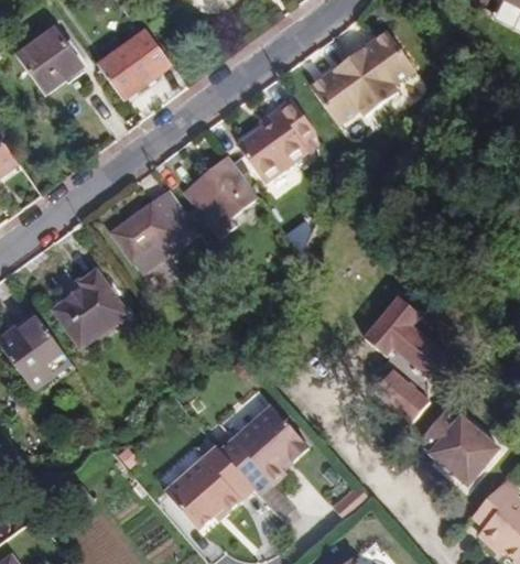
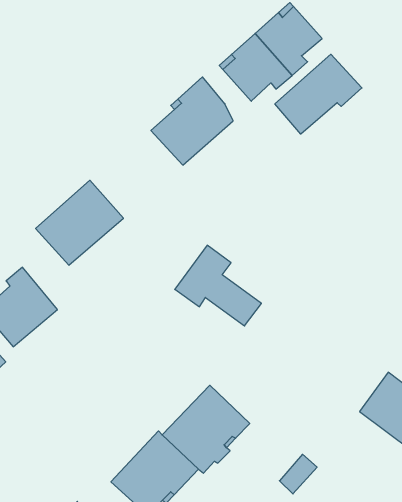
building: [97,30,171,100] -> none
building: none -> [275,54,362,134]
building: [182,154,257,236] -> none
building: [367,295,452,379] -> [175,245,261,326]
building: [376,369,432,424] -> none

